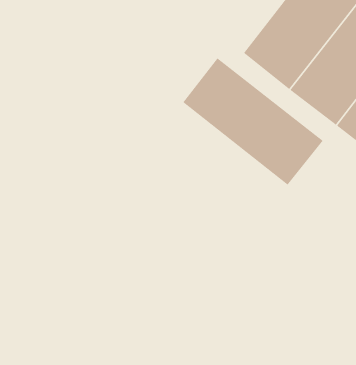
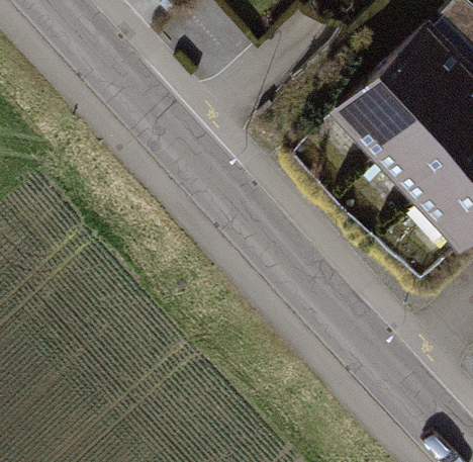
building: [183,58,323,186] -> none

